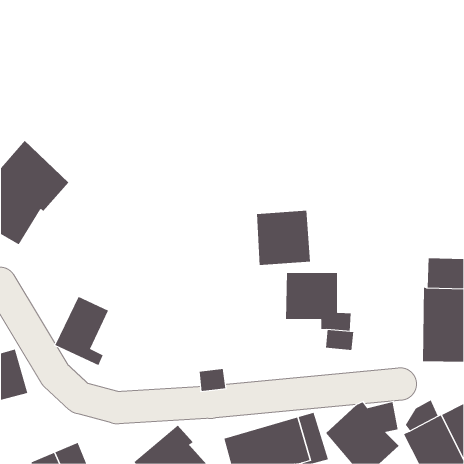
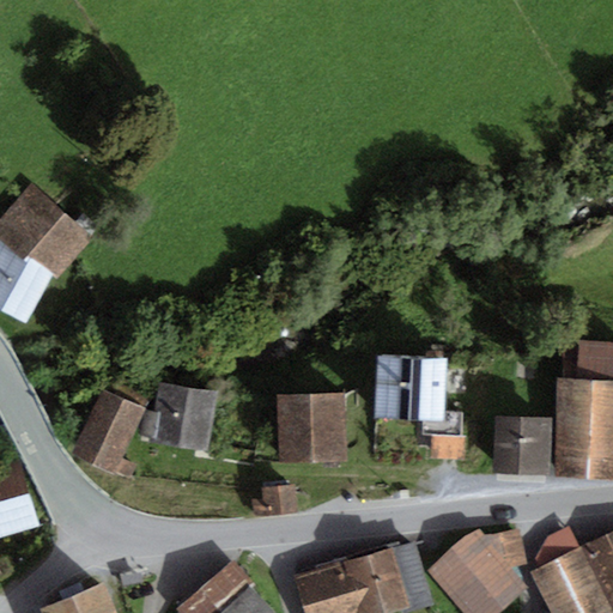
building: [256,210,311,266] -> [277,393,348,466]
building: none -> [150,384,217,451]
building: none -> [494,417,552,475]

